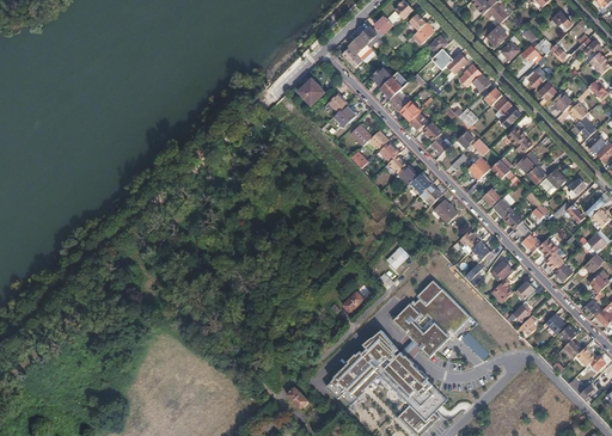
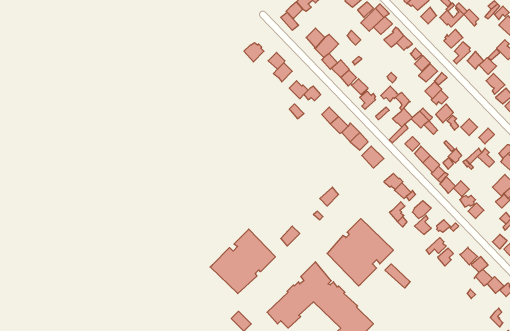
building: none -> [210,229,275,294]

